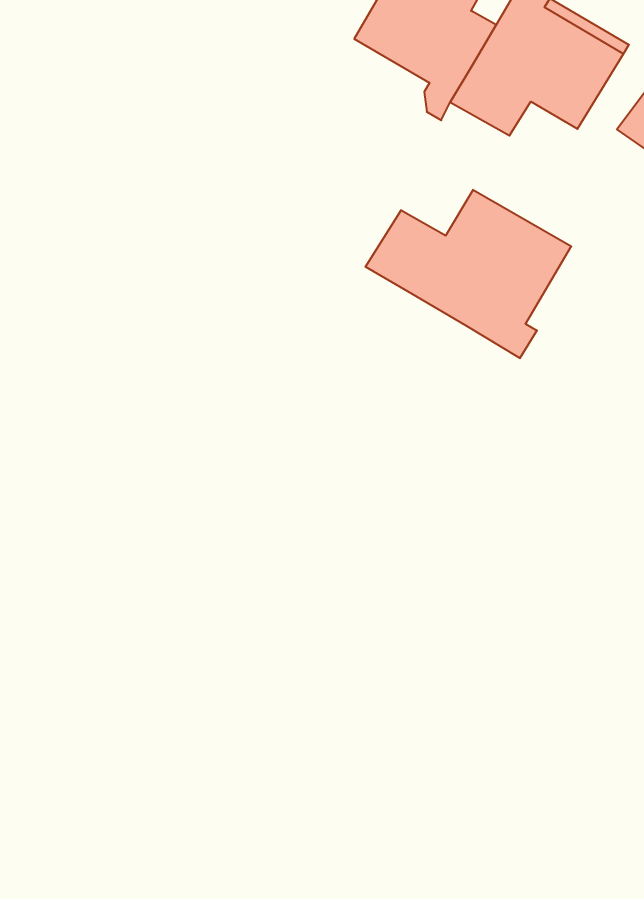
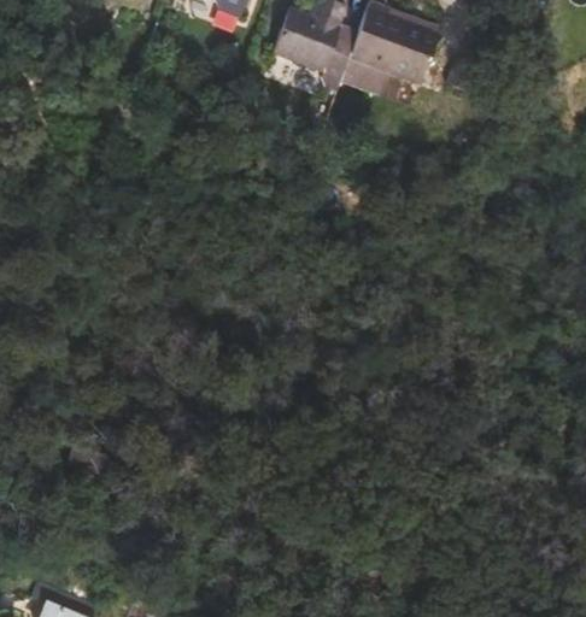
building: [365,190,571,358] -> none

